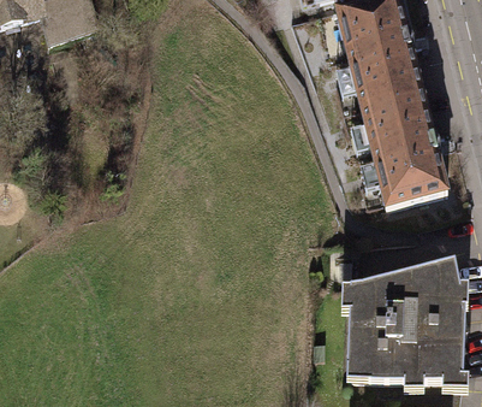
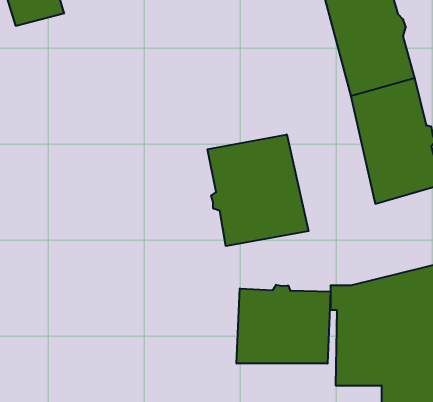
building: none -> [207,134,309,246]
building: none -> [237,285,330,364]

